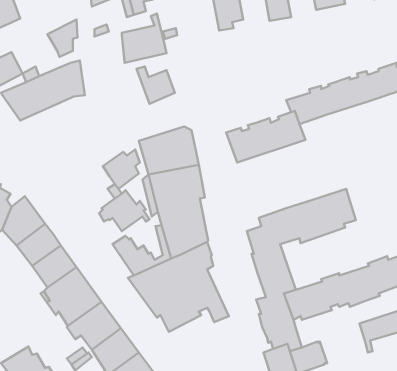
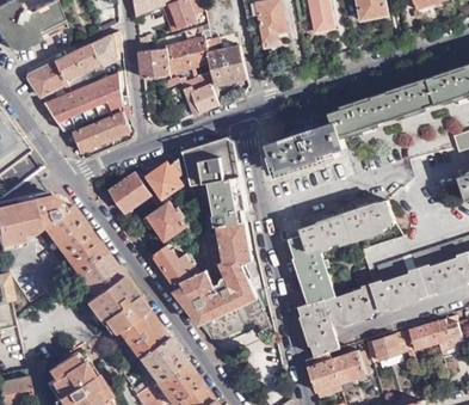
building: none -> [57,44,103,79]
building: none -> [209,44,249,85]
building: none -> [141,45,169,78]
building: none -> [74,112,135,152]
building: none -> [112,173,155,213]
building: none -> [369,332,409,362]

